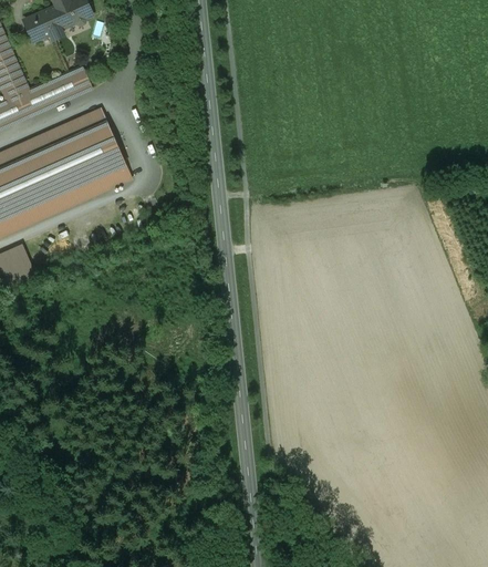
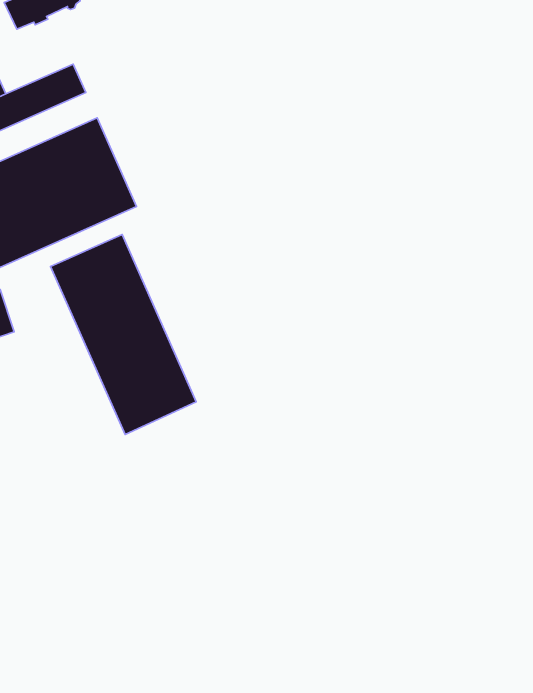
building: none -> [51,235,196,435]

